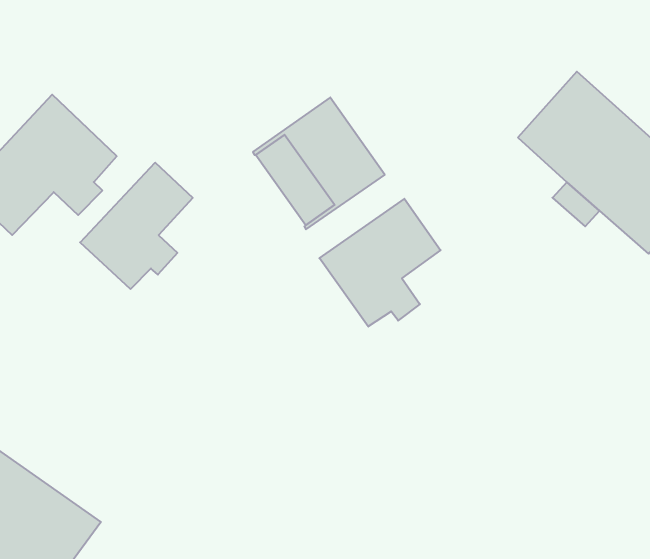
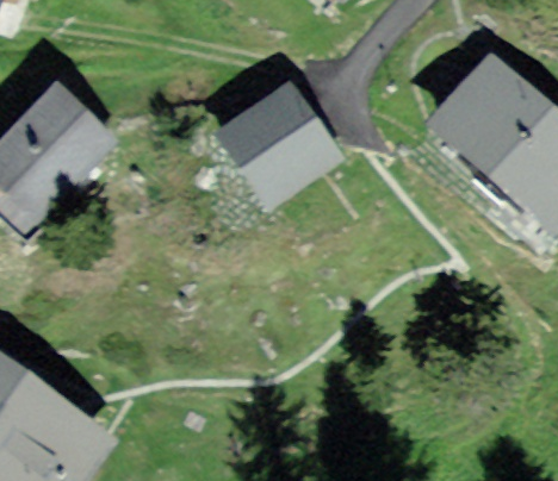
building: [80,163,193,289] -> none
building: [319,199,441,327] -> none

